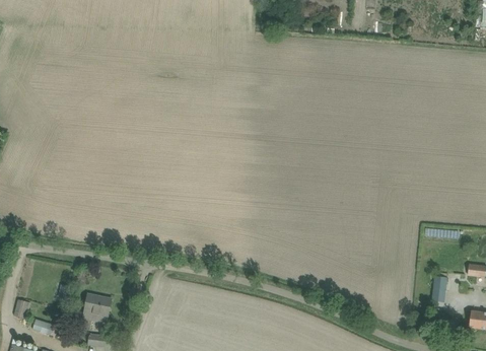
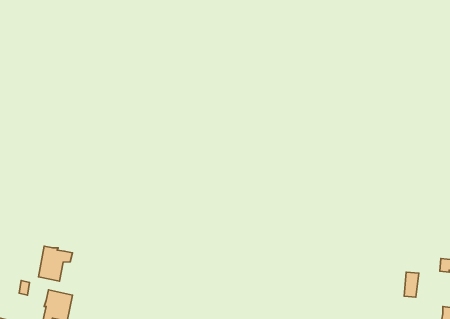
building: none -> [38,246,72,281]

